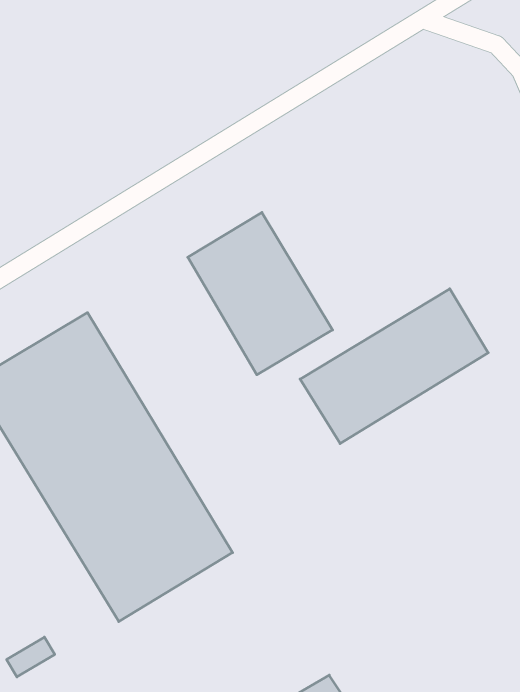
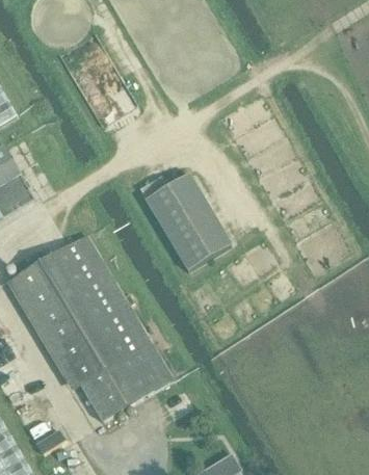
building: [300,289,488,444] -> none

